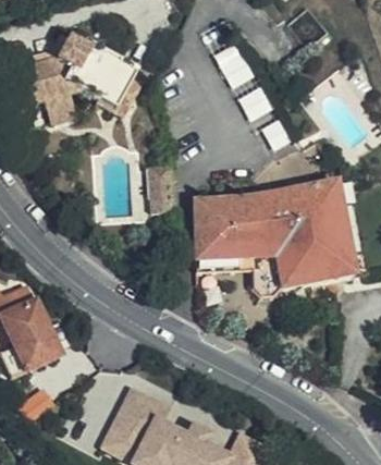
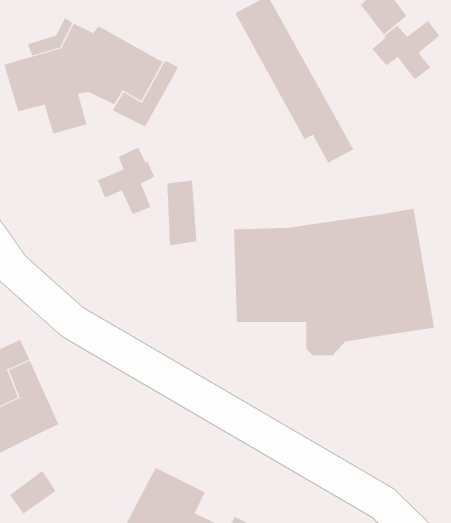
building: none -> [371,20,440,80]
building: none -> [97,147,155,215]

